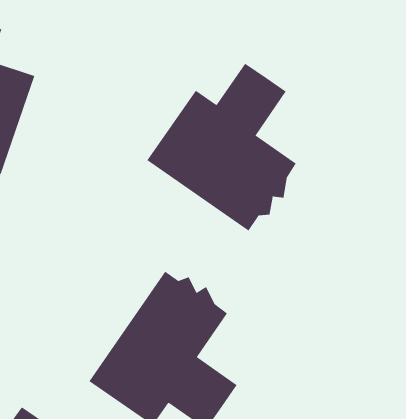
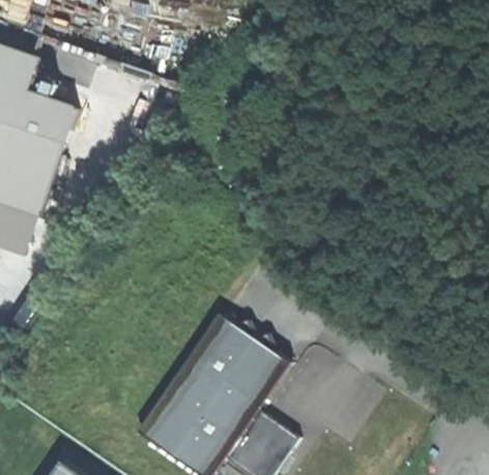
building: [147,63,297,231] -> none

